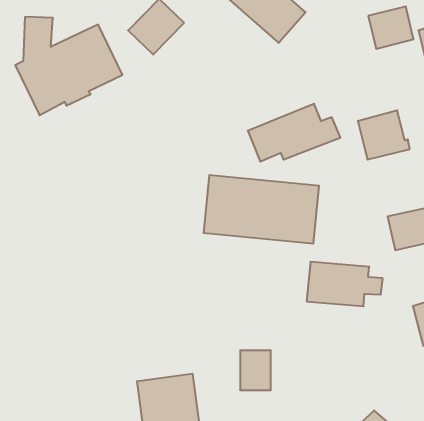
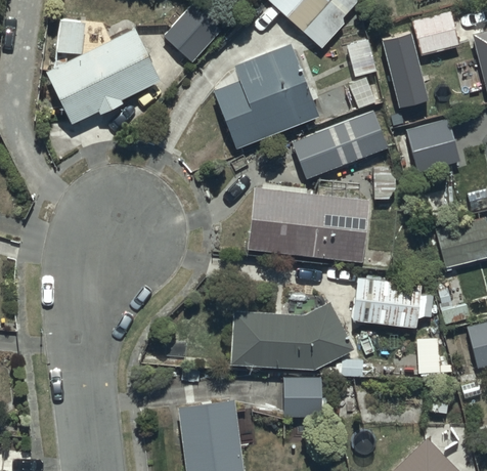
building: none -> [390,32,436,106]
building: none -> [212,44,317,147]
building: none -> [228,301,356,372]

